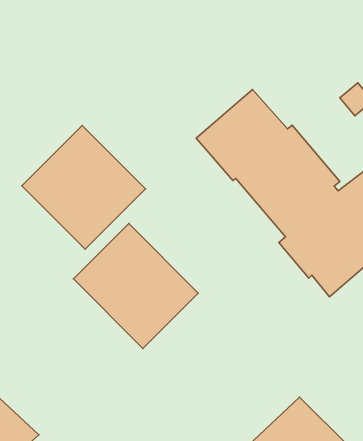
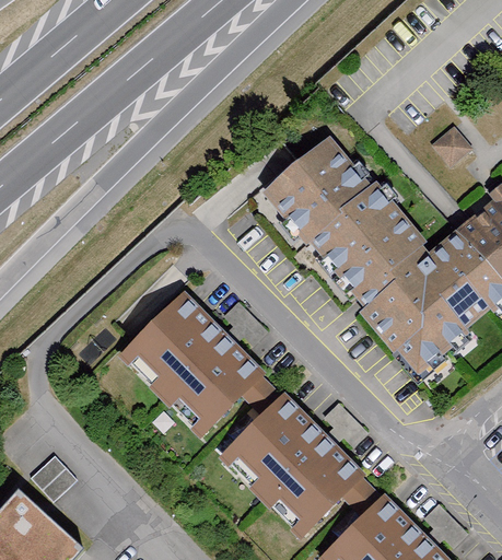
building: [22,126,145,249] -> none
building: none -> [219,394,365,540]

